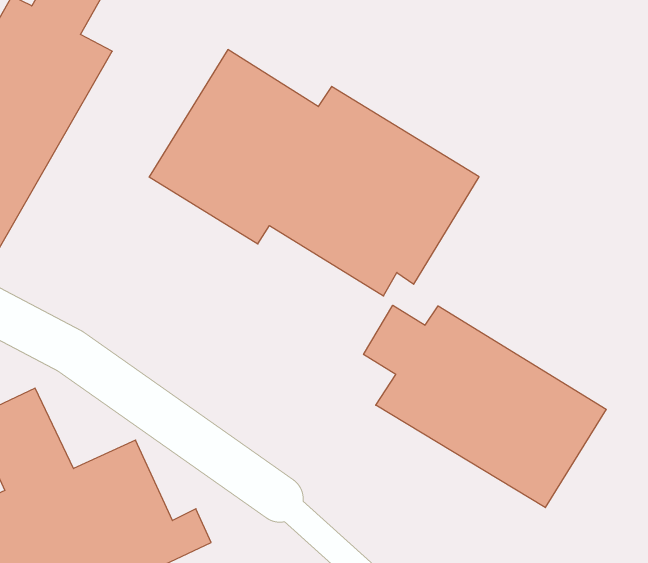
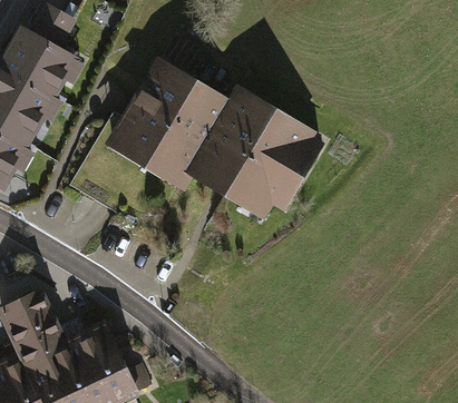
building: [364,305,606,508] -> none

